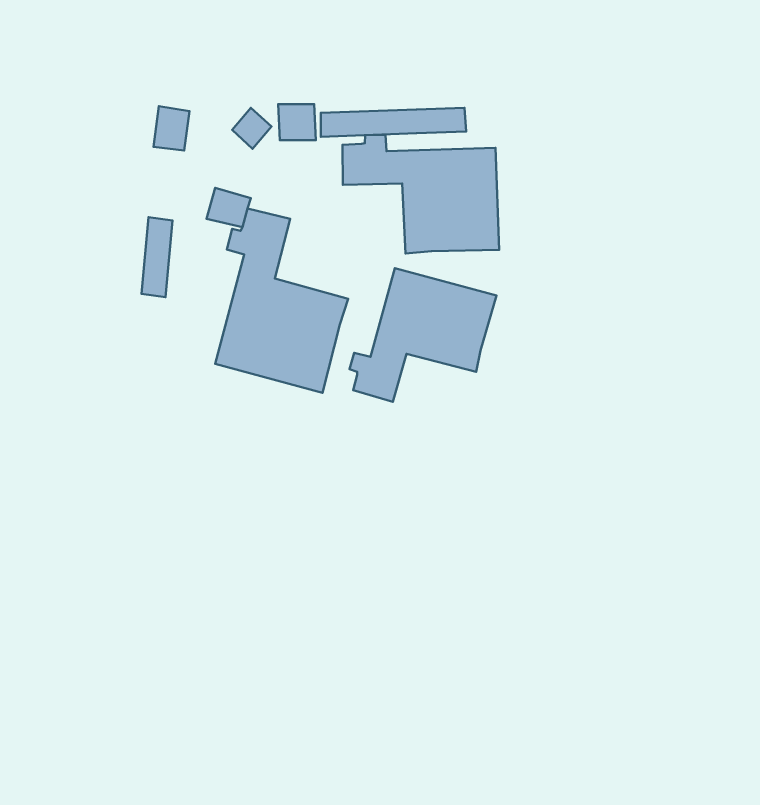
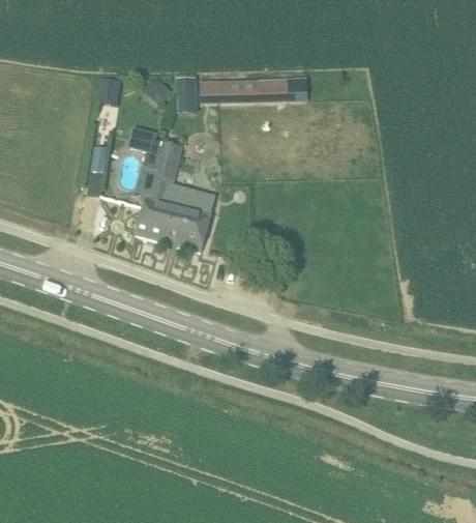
building: [343,135,499,253] -> none
building: [349,268,497,402] -> none

